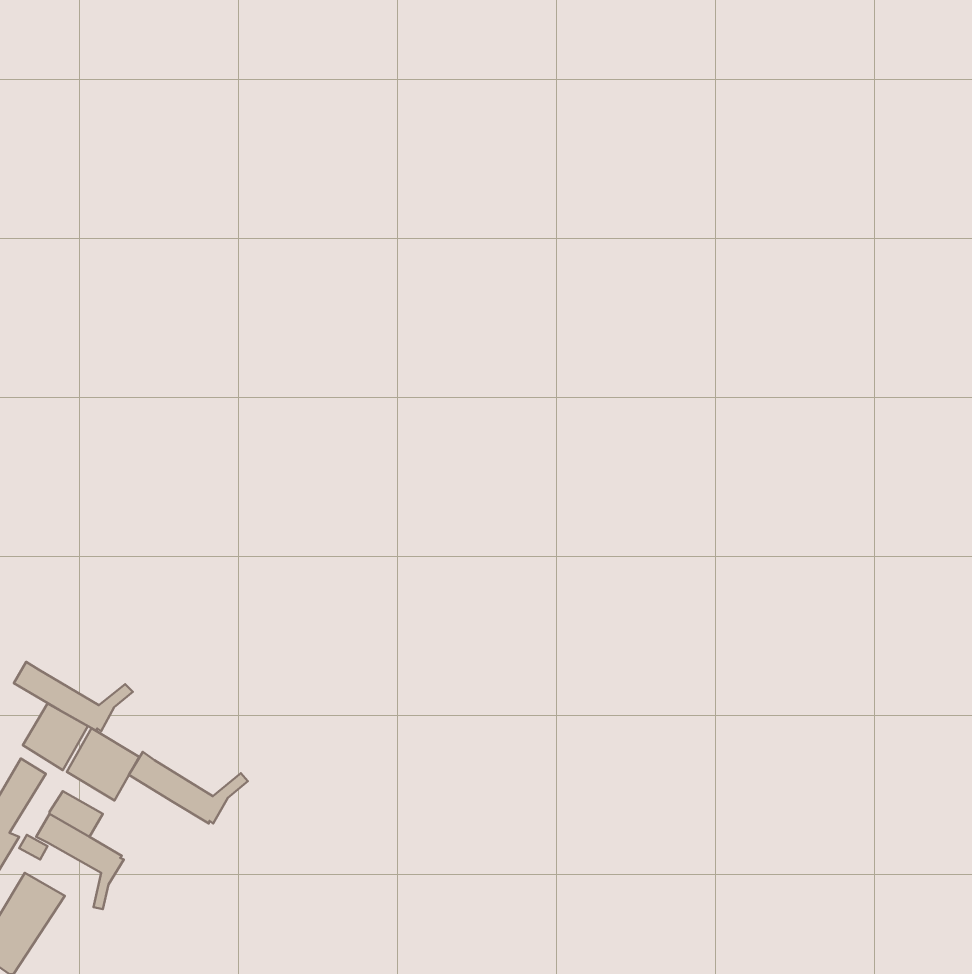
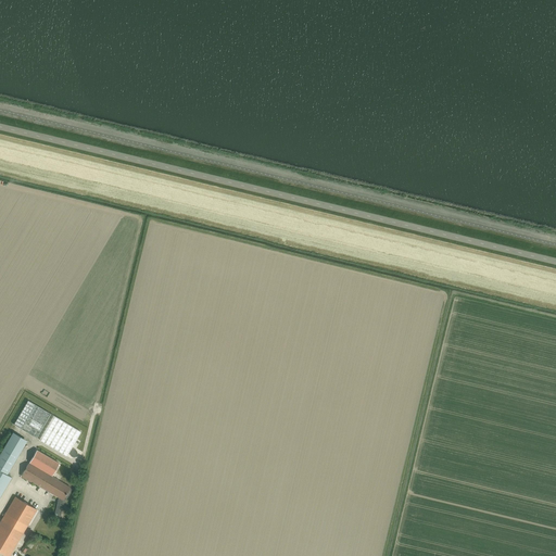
building: [14,662,133,731] -> none
building: [129,752,248,824] -> none

